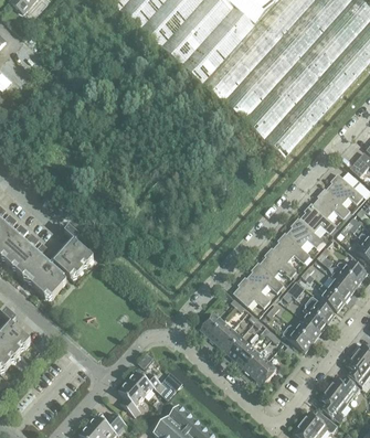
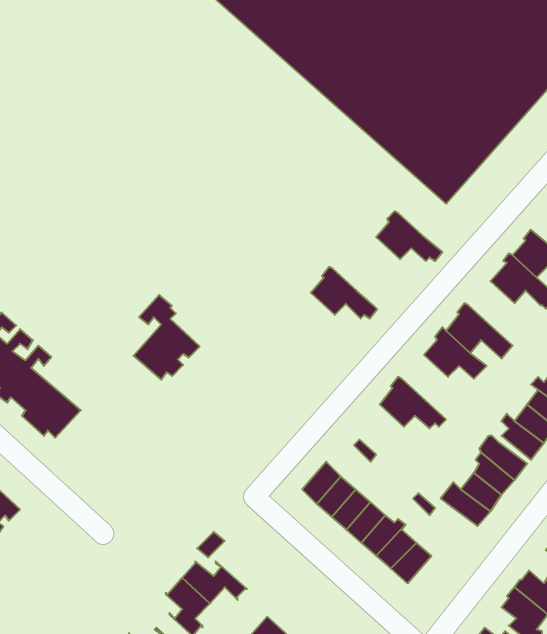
building: [298,202,338,232] -> [376,211,442,261]
building: [53,226,93,277] -> [133,295,200,380]
building: [258,246,298,277] -> [311,267,377,319]
building: [232,276,269,307] -> none

